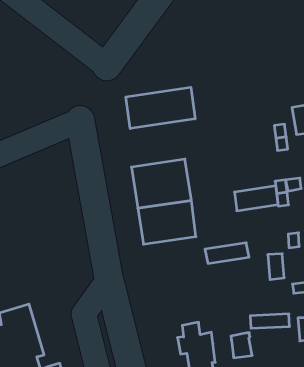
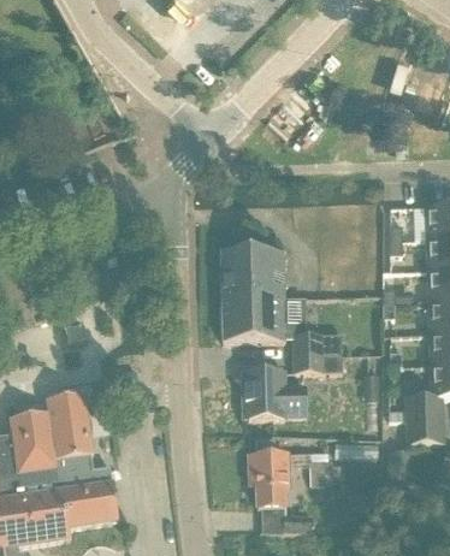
building: [126,87,195,129] -> none
building: [234,186,278,211] -> [292,333,341,356]
building: none -> [243,371,304,419]

